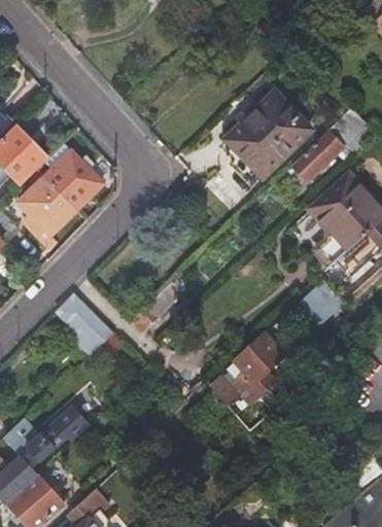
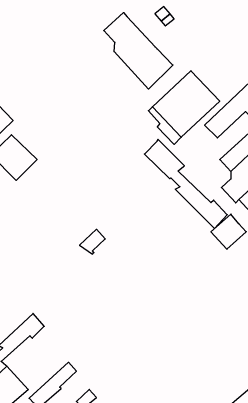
building: none -> [104,13,173,89]
building: [43,149,103,209] -> none
building: none -> [144,139,227,229]
building: [55,291,112,353] -> none
building: [209,333,285,415] -> none

